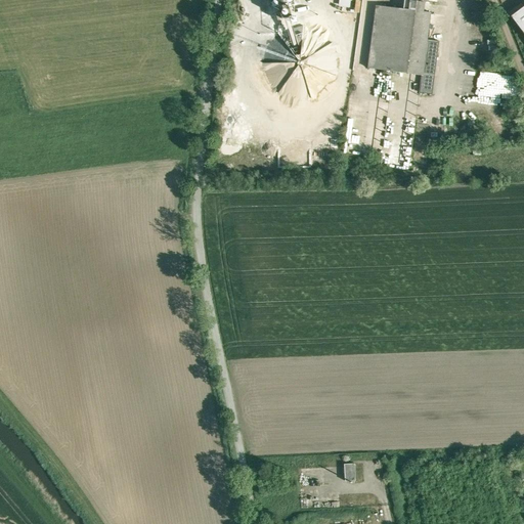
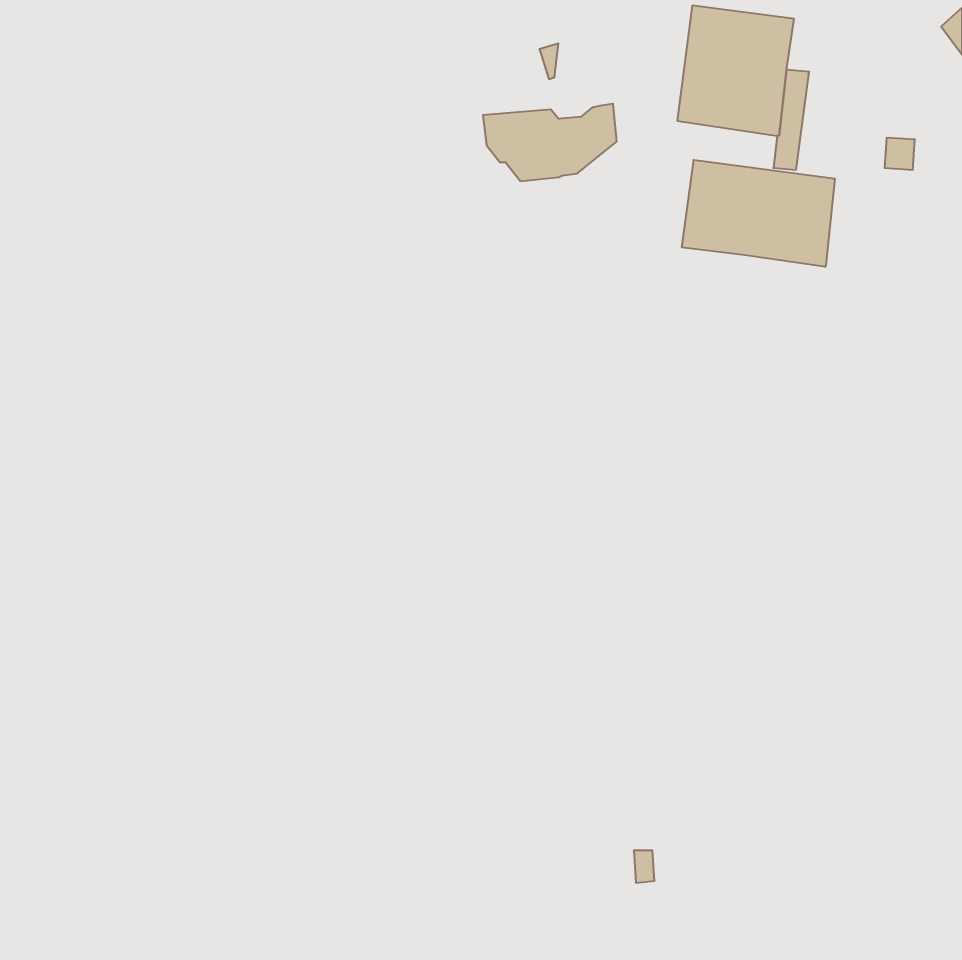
building: none -> [682,160,835,267]

